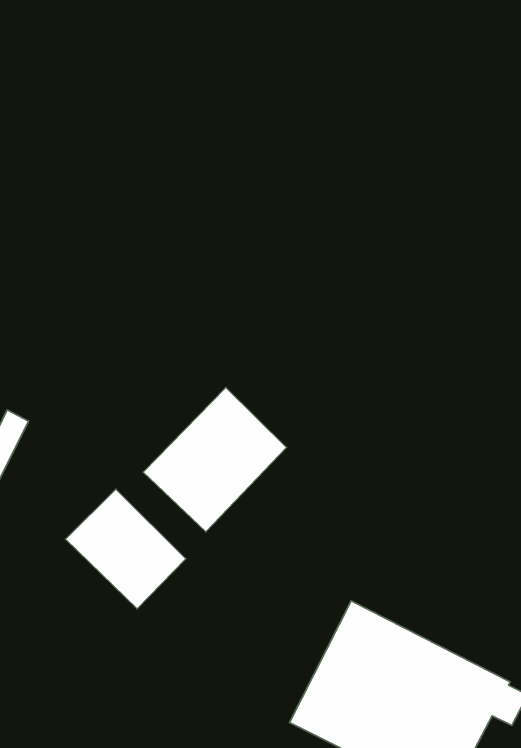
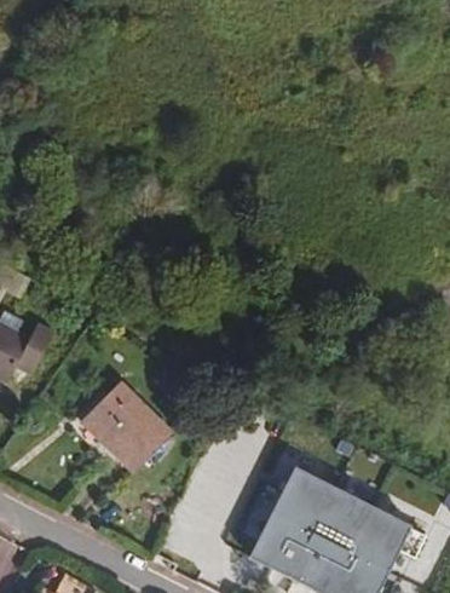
building: [143,388,287,532] -> none

